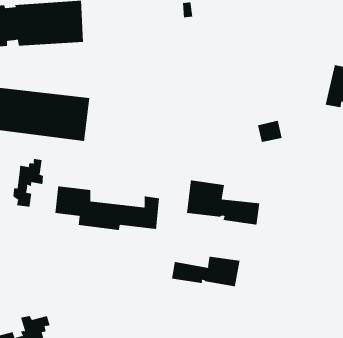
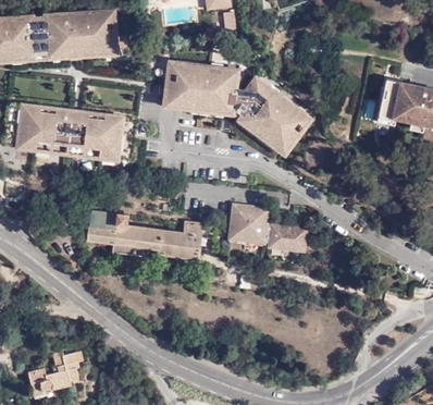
building: none -> [163,61,313,157]
building: [13,158,44,208] -> none
building: [172,256,240,287] -> none

